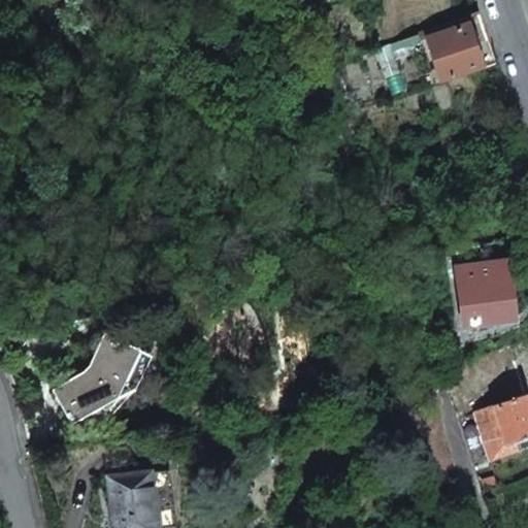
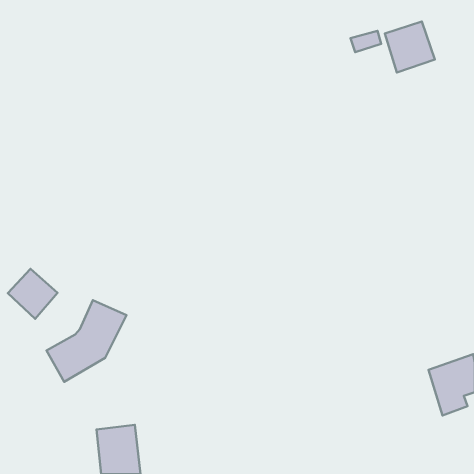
building: [458,263,513,324] -> none
building: none -> [8,269,57,319]

